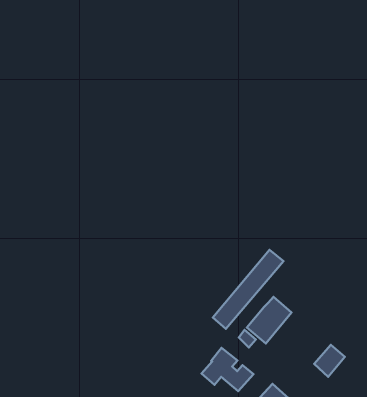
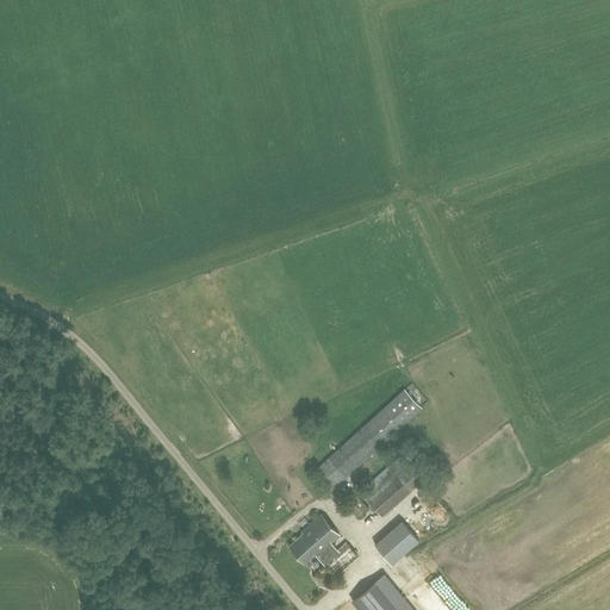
building: [314,345,345,377] -> [374,521,417,564]

